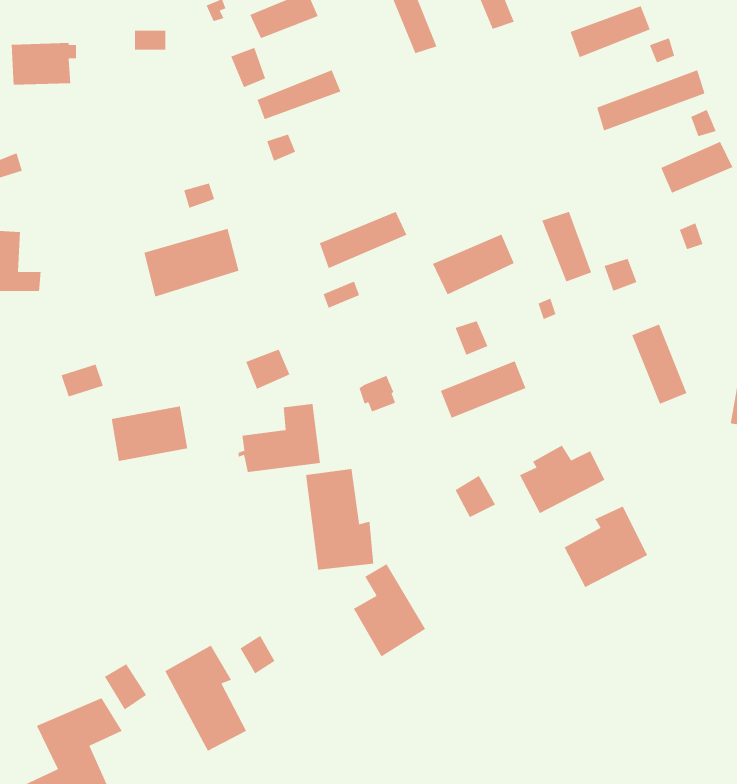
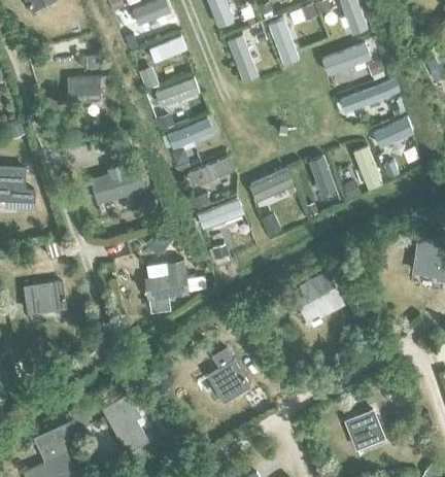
building: [11,42,77,86] -> [69,77,105,101]
building: none -> [168,118,215,151]
building: [631,324,688,405] -> [353,146,384,191]
building: [440,360,527,419] -> [198,199,245,231]
building: [111,405,188,462] -> [24,282,66,313]
building: [305,468,374,570] -> none
building: [563,505,648,588] -> none
building: none -> [345,410,383,449]

